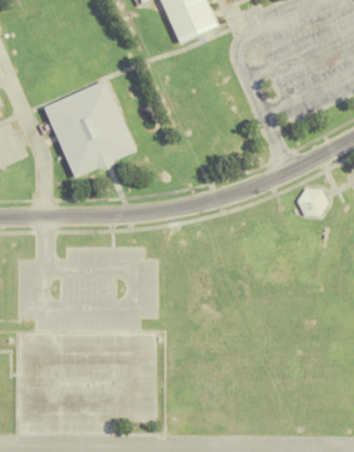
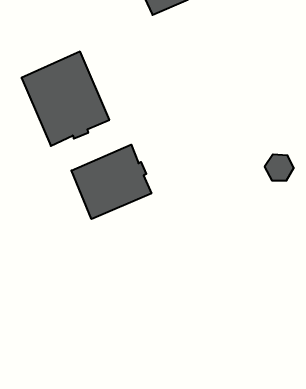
building: none -> [71,145,151,219]

